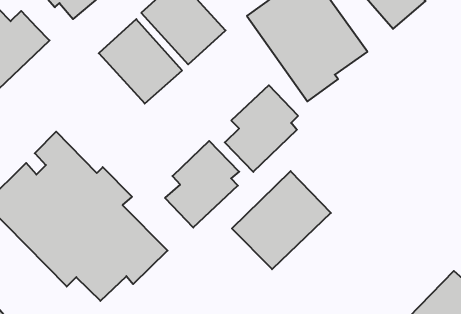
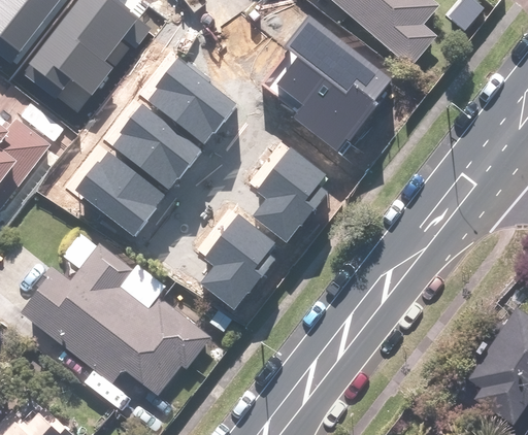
building: none -> [77,148,165,233]
building: [232,171,331,269] -> none

